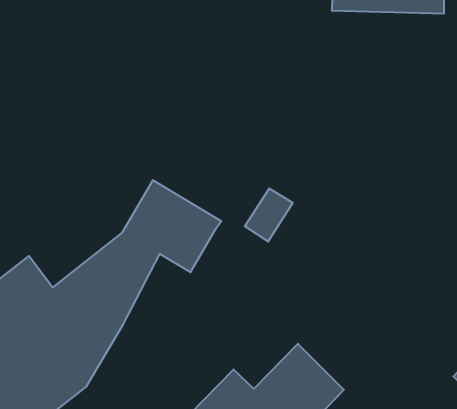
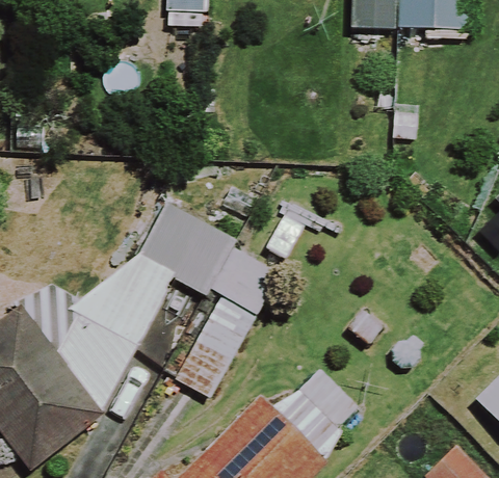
building: none -> [172,249,279,398]

